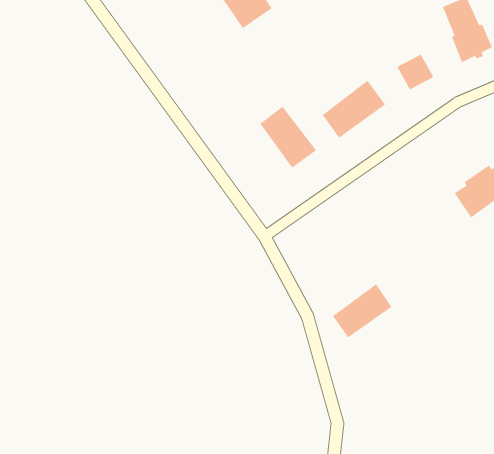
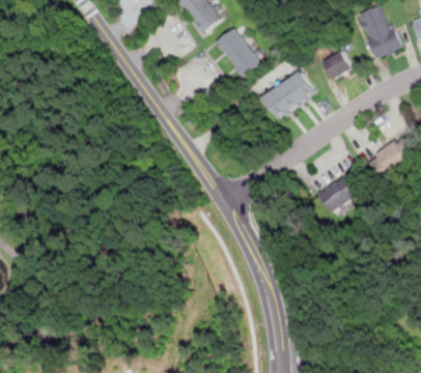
building: [259,106,317,168] -> [215,25,260,75]
building: [332,283,392,338] -> [318,169,366,212]

